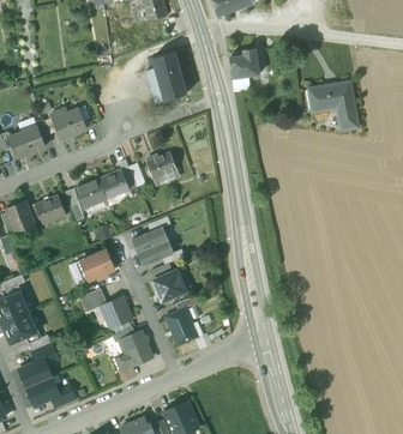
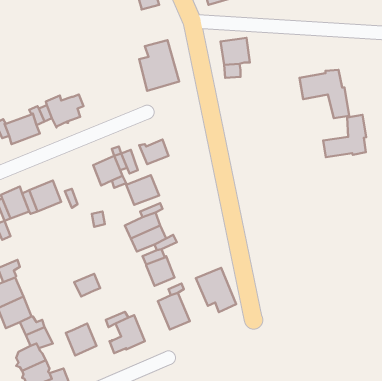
building: none -> [323,115,366,157]
building: [74,179,108,209] -> [126,175,159,205]
building: [76,249,115,283] -> none
building: none -> [196,268,236,312]
building: [101,296,132,328] -> [66,324,97,355]

